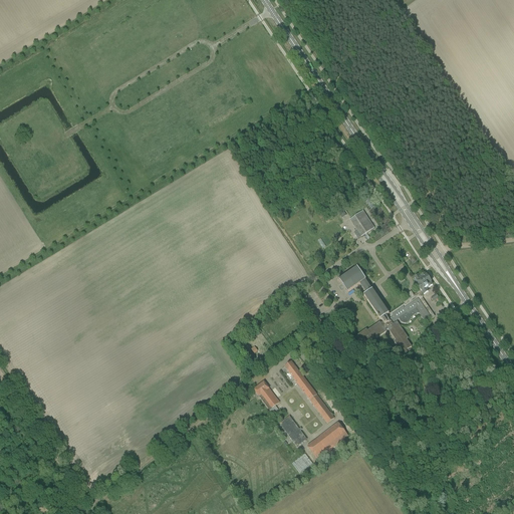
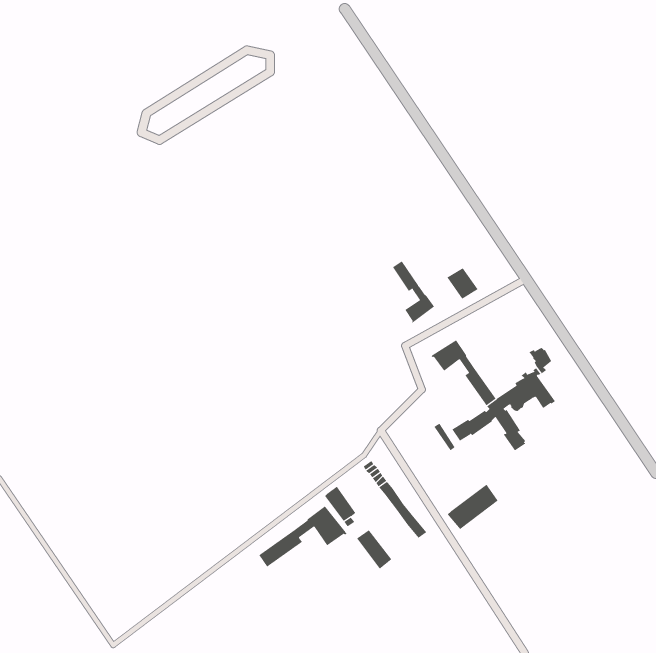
building: none -> [392,260,435,324]
building: none -> [259,505,347,568]
building: [306,421,346,457] -> [447,484,498,530]

